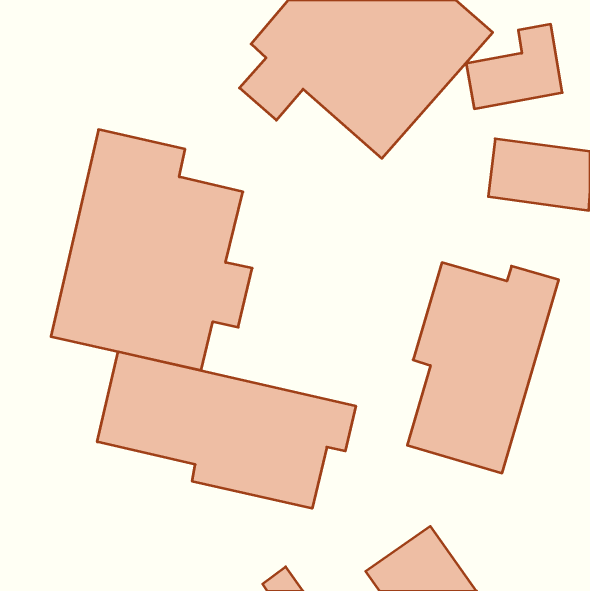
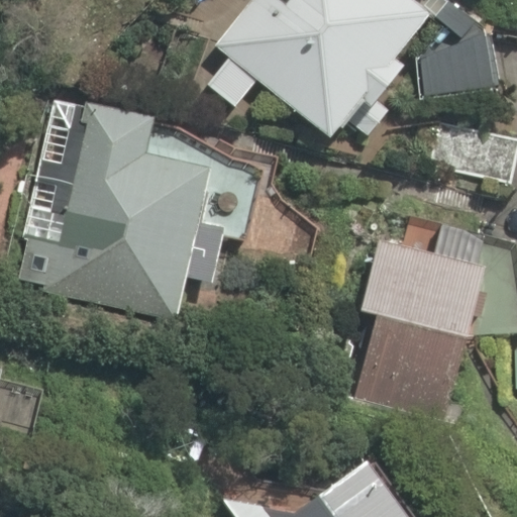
building: [97,352,356,508] -> none

